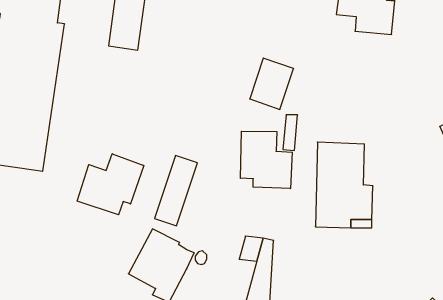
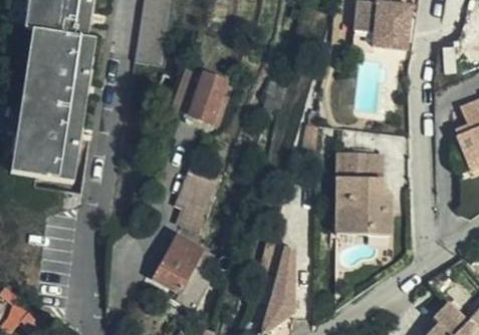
building: [250,58,294,109] -> [189,74,231,123]
building: [240,131,292,189] -> none
building: [77,154,144,215] -> none

